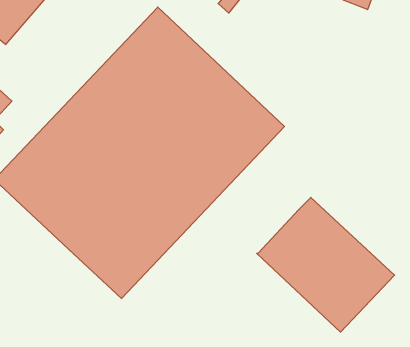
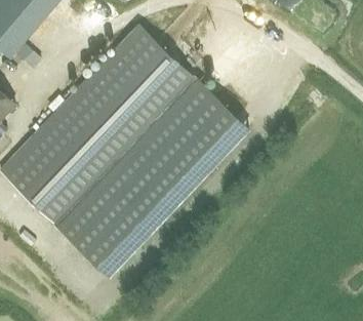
building: [257,197,395,332] -> none

